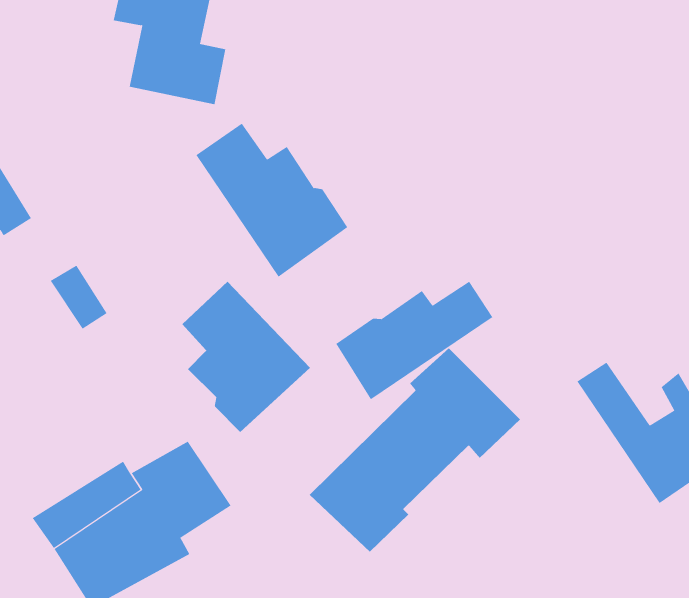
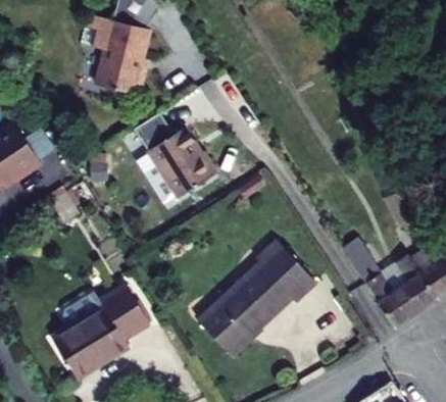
building: [336,281,493,400] -> none
building: [181,281,311,433] -> none

